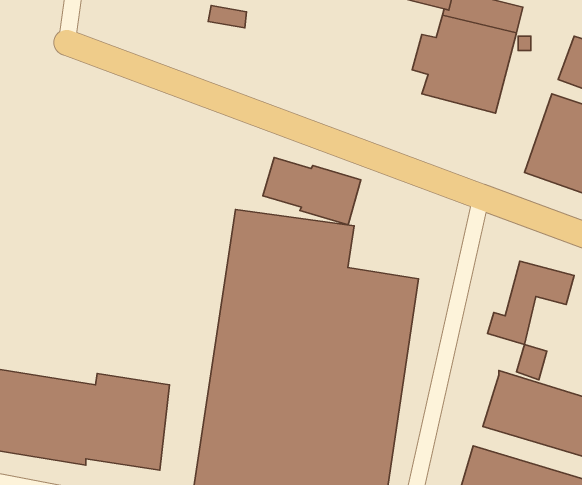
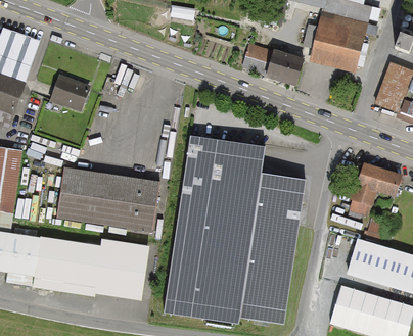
building: none -> [50,74,90,111]
building: [263,157,361,225] -> [241,43,304,86]
building: none -> [57,167,160,232]

